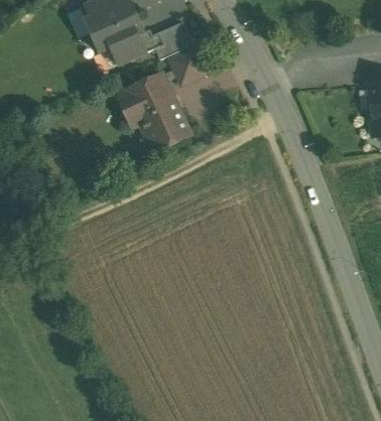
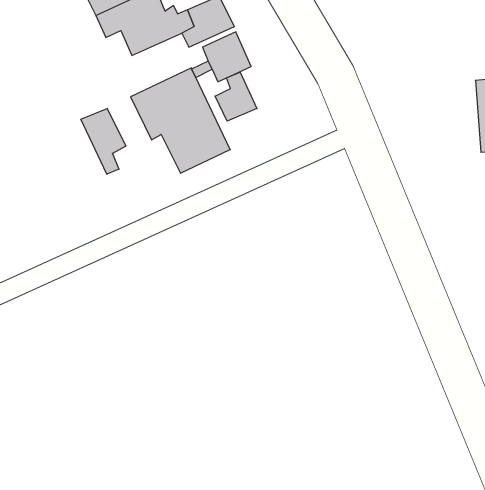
building: none -> [215,72,257,121]
building: none -> [81,108,126,174]

